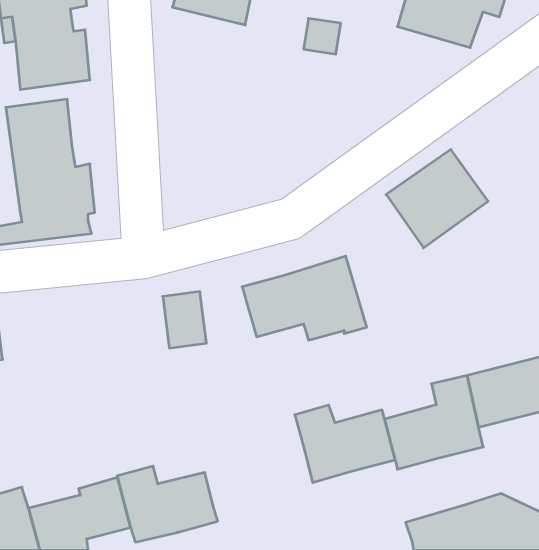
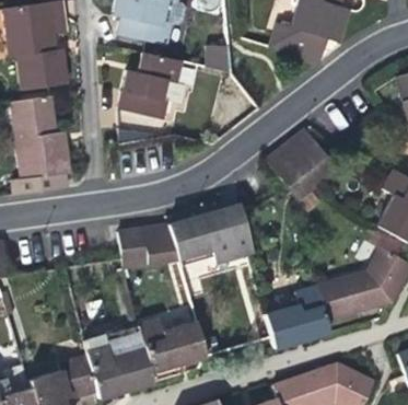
building: none -> [118,55,182,121]
building: none -> [138,224,176,263]
building: [295,405,395,483] -> [135,320,202,372]

